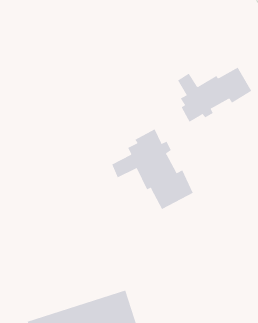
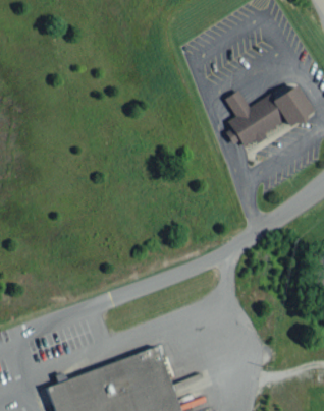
building: [111,129,194,210] -> none

